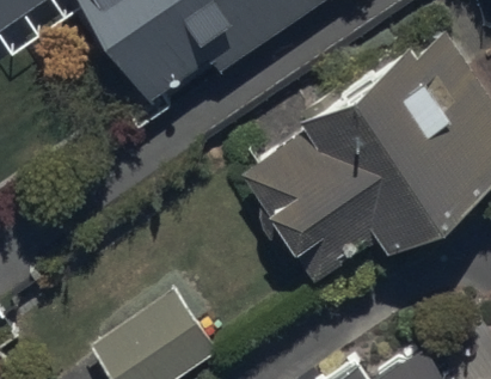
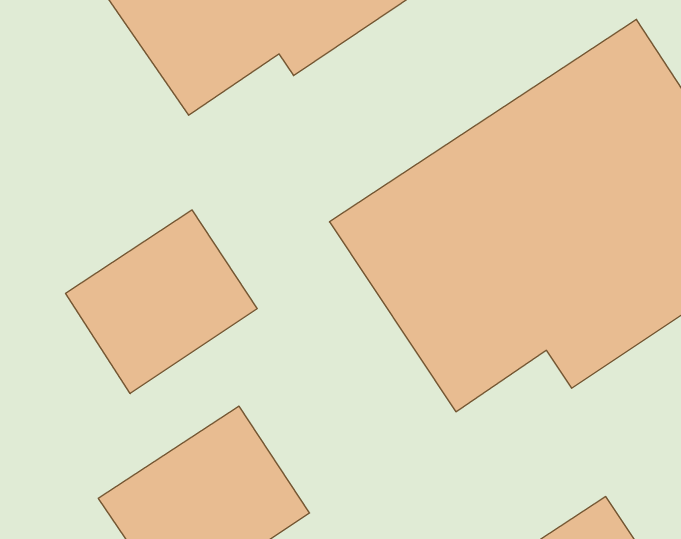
building: none -> [66,210,257,394]

